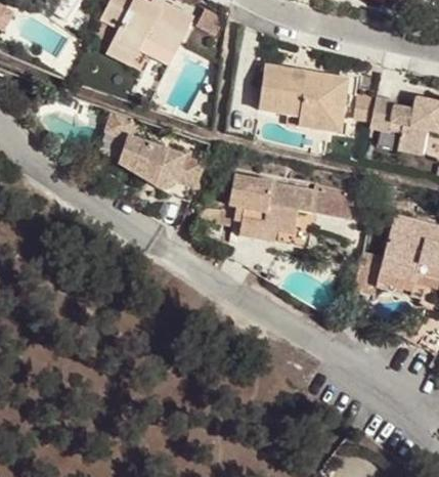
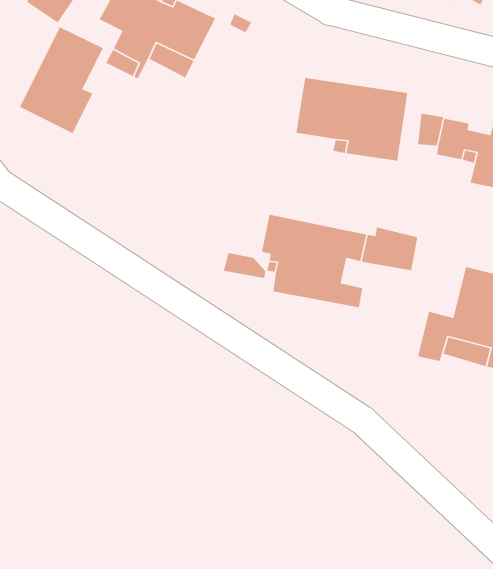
building: none -> [19,26,104,134]
building: [100,126,205,202] -> none

